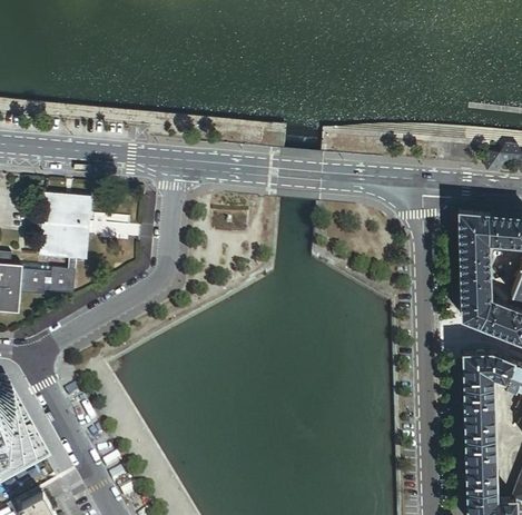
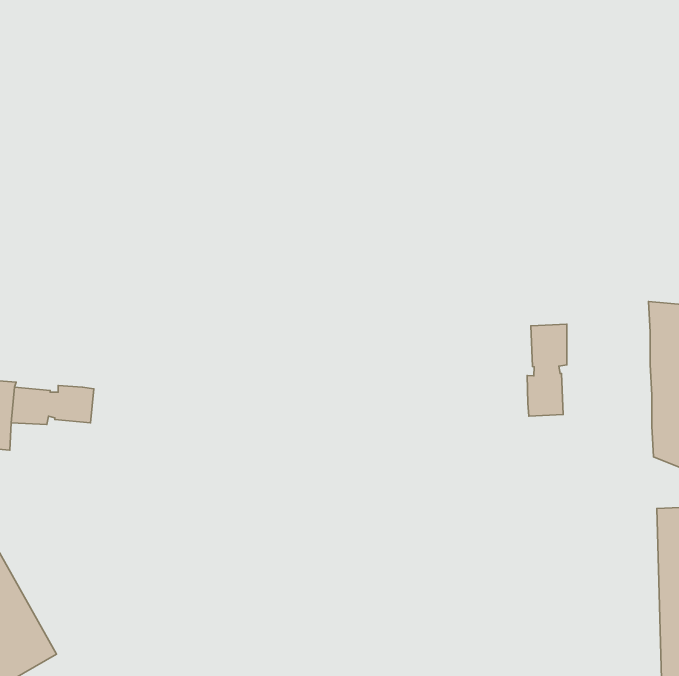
building: [39,195,92,261] -> none
building: none -> [527,324,567,416]

